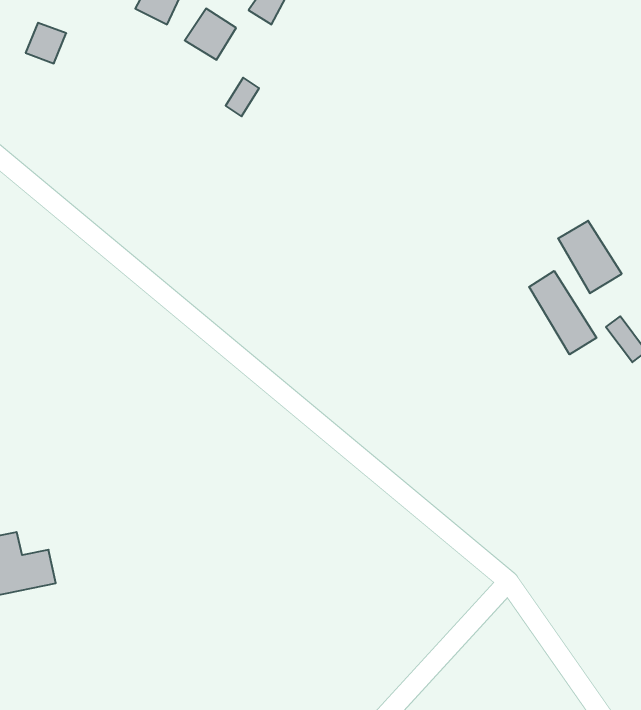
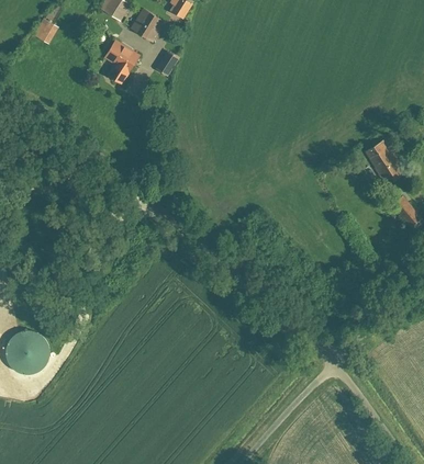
building: none -> [102,38,143,82]
building: [529,271,596,354] -> none

